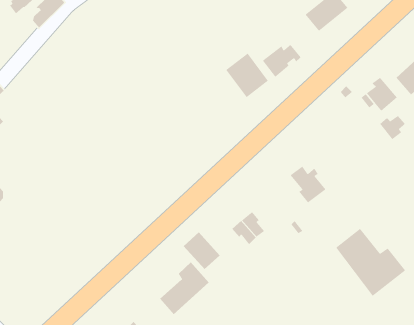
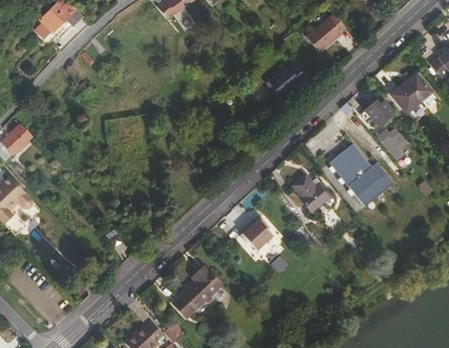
building: [225,52,269,98] -> none
building: [335,228,406,297] -> [331,143,397,207]
building: [183,232,220,270] -> none

